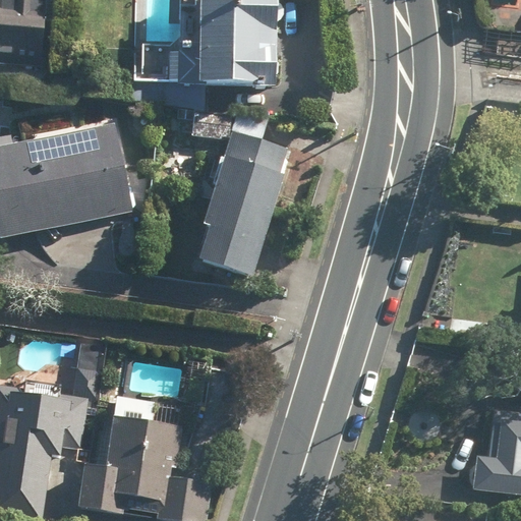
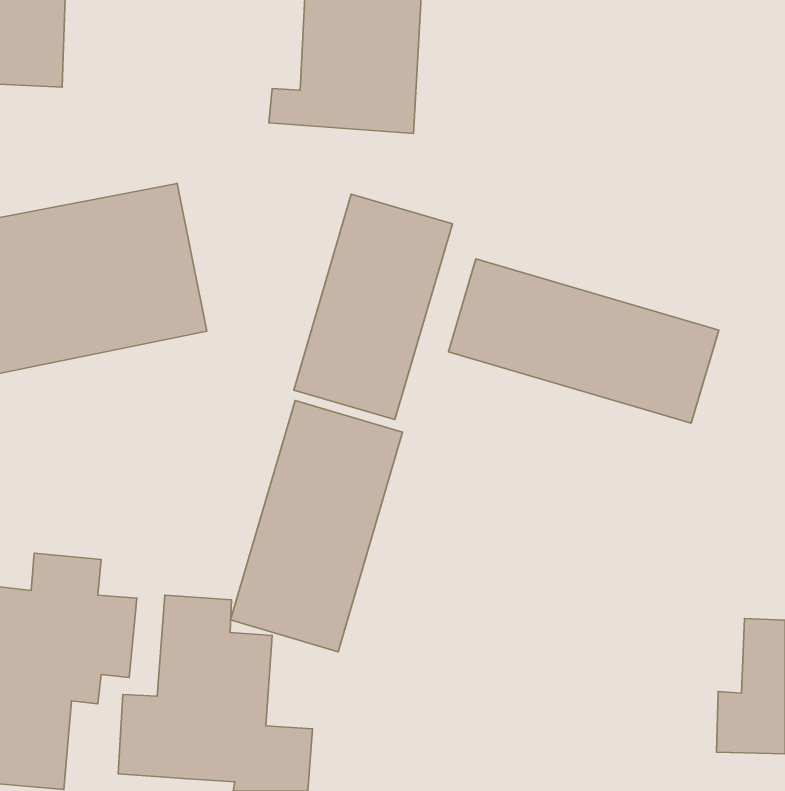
building: none -> [448,259,719,423]
building: none -> [231,400,403,652]

